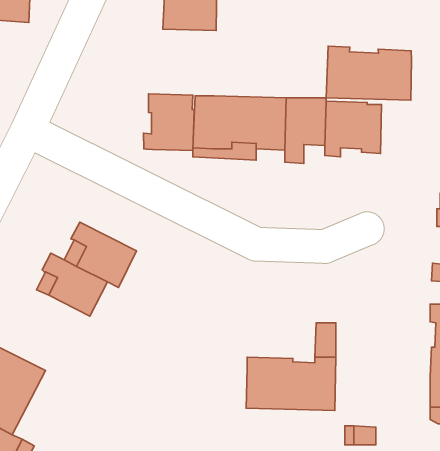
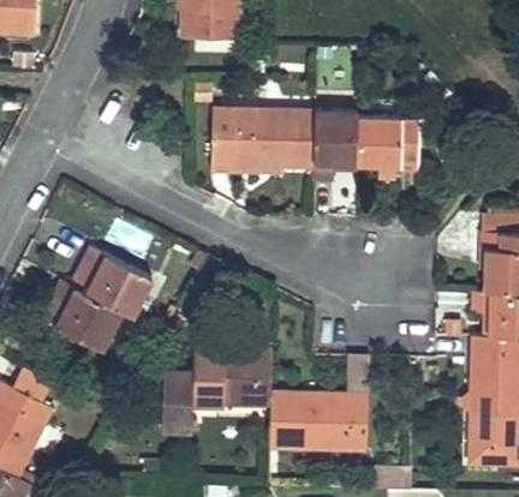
building: [326,46,411,100] -> none
building: [144,94,194,151] -> none
building: none -> [162,348,272,431]

